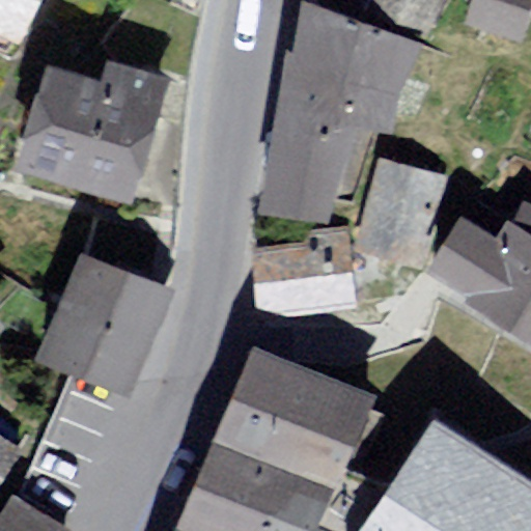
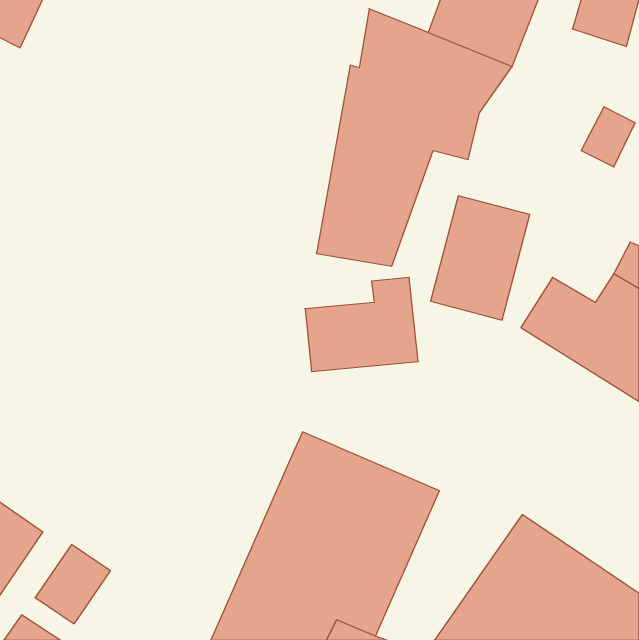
building: [30,73,169,200] -> none
building: [45,260,164,395] -> none

